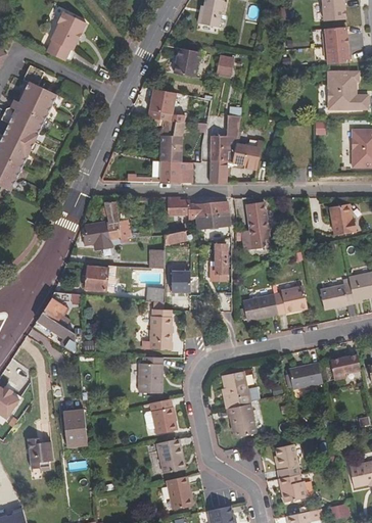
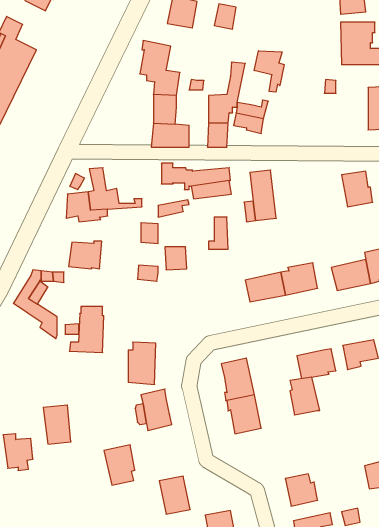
building: none -> [254,51,284,92]
building: [141,310,172,350] -> [69,307,104,352]
building: [155,438,183,474] -> [104,445,135,485]
building: [274,444,300,478] -> [290,377,320,415]

